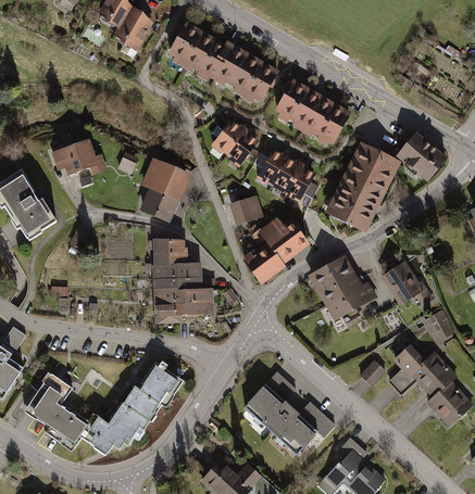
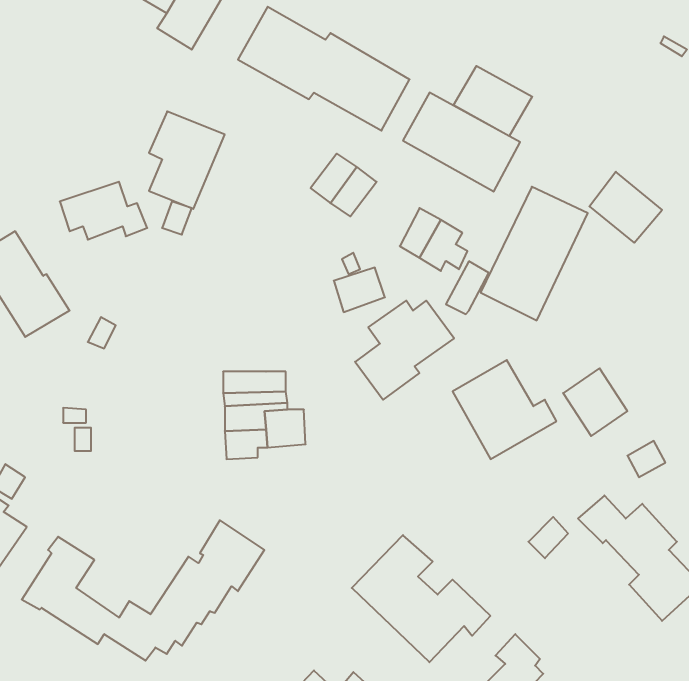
building: none -> [453,66,532,136]
building: [259,149,287,183] -> [446,261,489,314]
building: [141,157,191,221] -> [149,111,225,209]
building: [157,239,186,264] -> none

